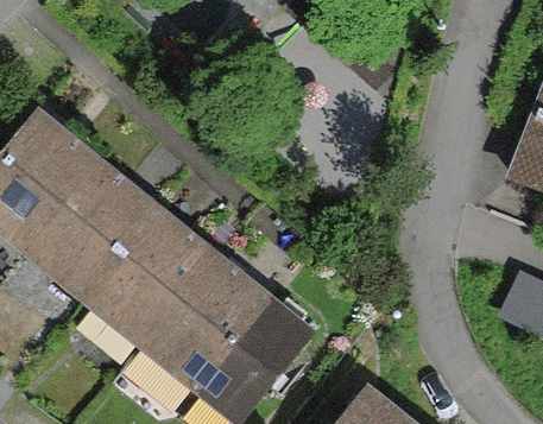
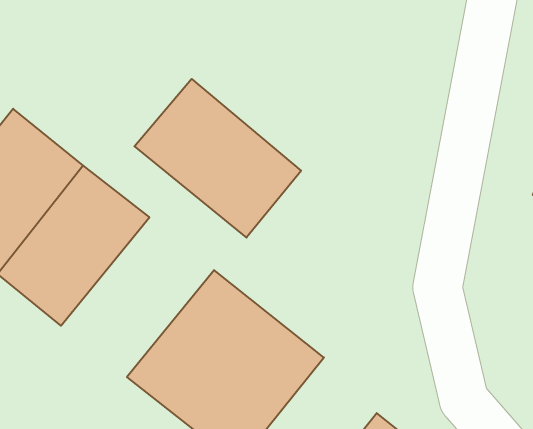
building: none -> [134,79,301,238]
building: [83,205,221,349] -> none

